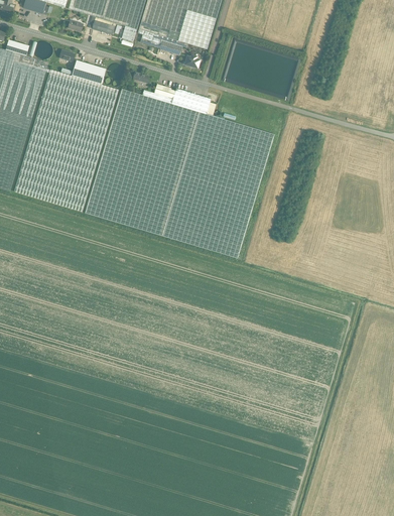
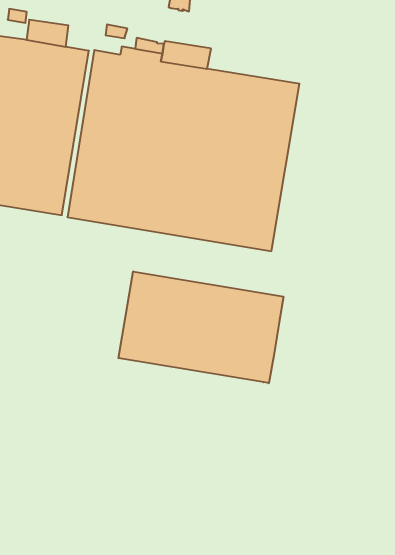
building: none -> [119,271,283,383]

